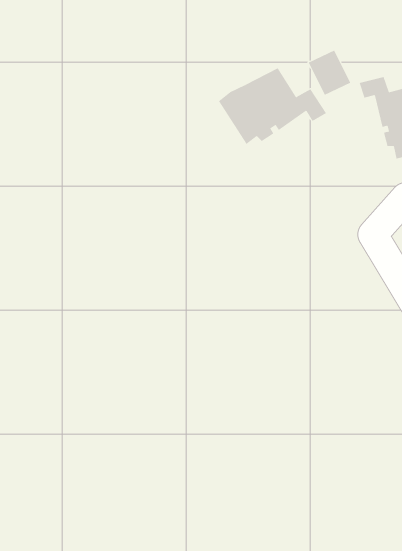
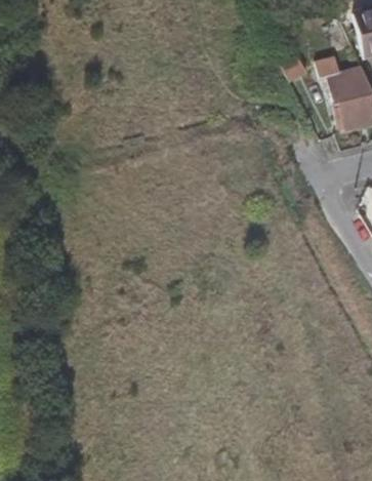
building: [218,67,327,145] -> none

